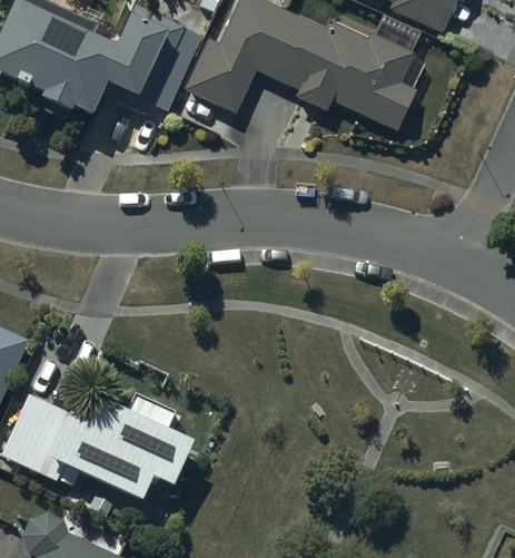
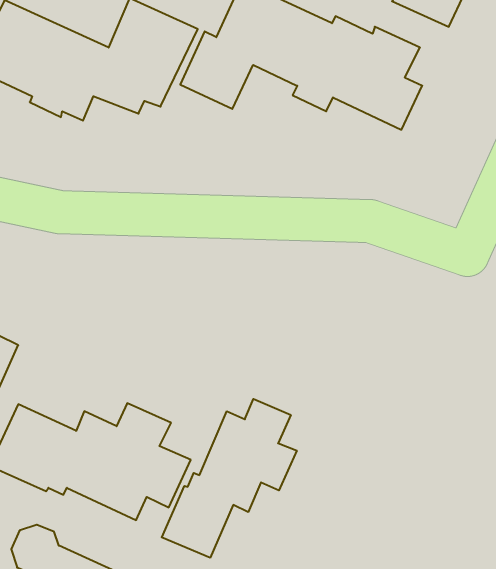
building: none -> [162,399,297,558]

